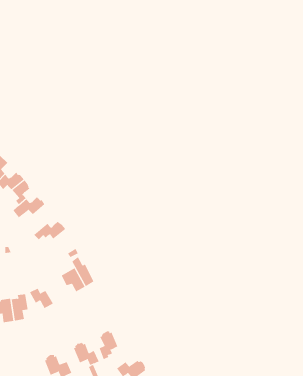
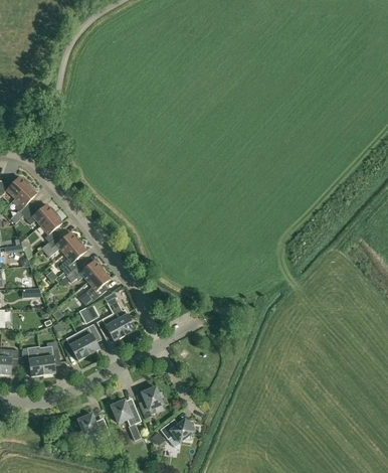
building: none -> [59,241,85,276]
building: none -> [78,269,110,305]
building: none -> [76,324,100,354]

